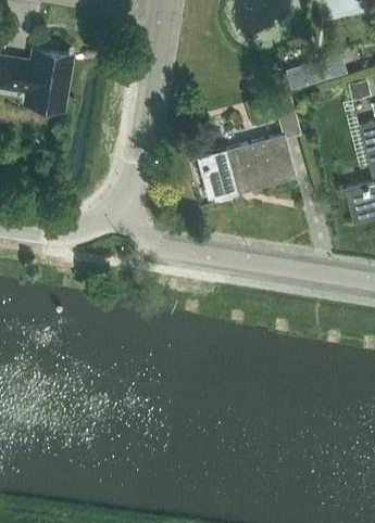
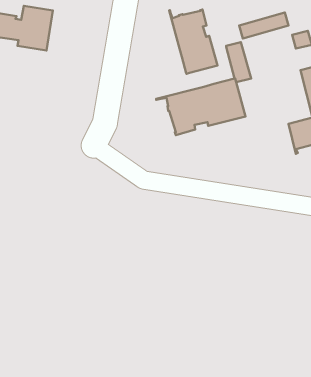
building: none -> [169,10,217,74]

